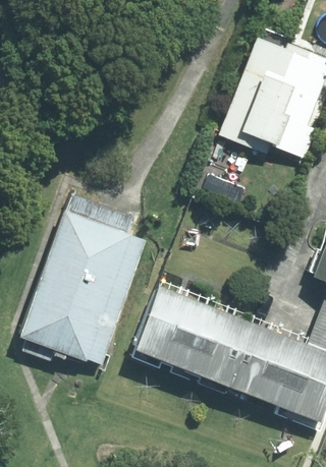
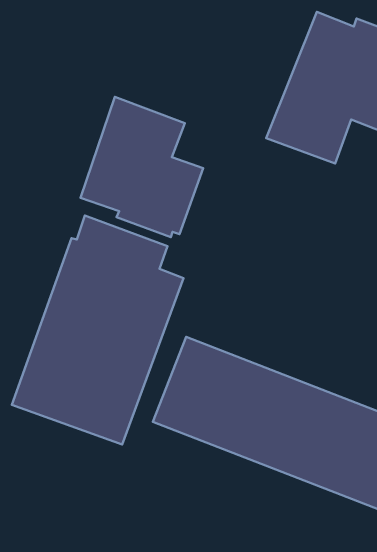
building: none -> [81,97,203,237]

